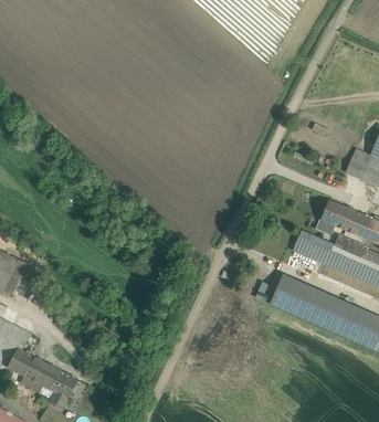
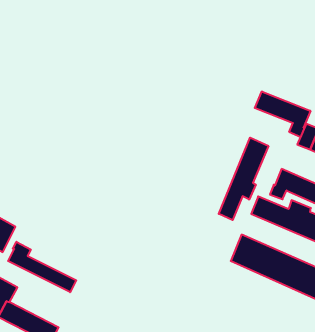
building: none -> [255,91,310,137]
building: none -> [219,138,268,220]
building: none -> [8,242,76,292]

